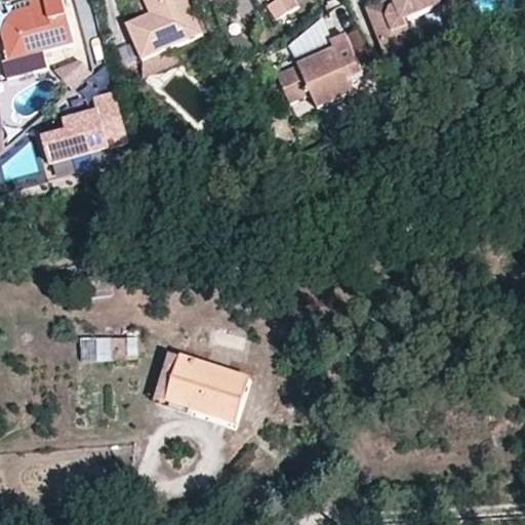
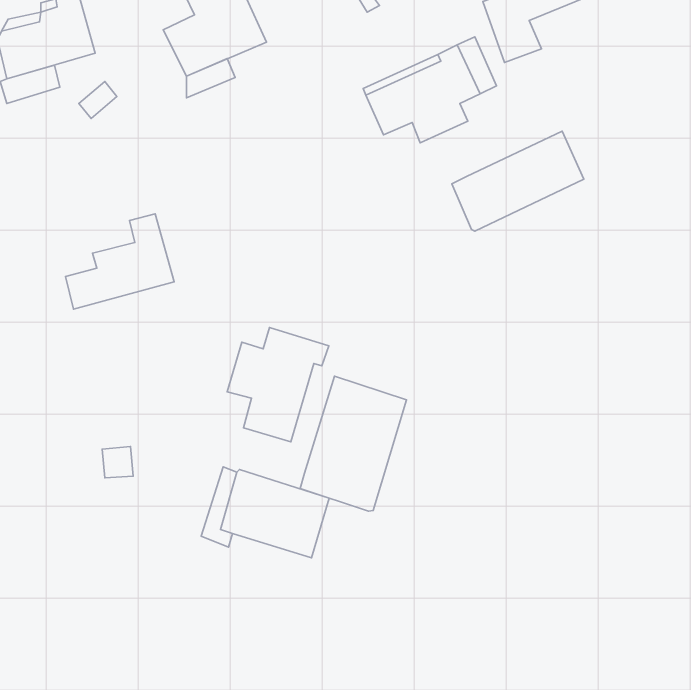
building: [45,87,127,159] -> [65,214,174,309]
building: none -> [452,131,584,231]
building: none -> [227,327,329,442]
building: none -> [300,376,407,511]

